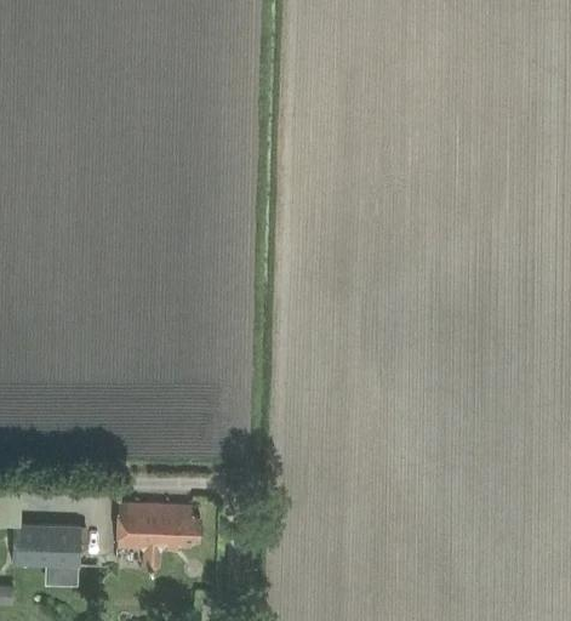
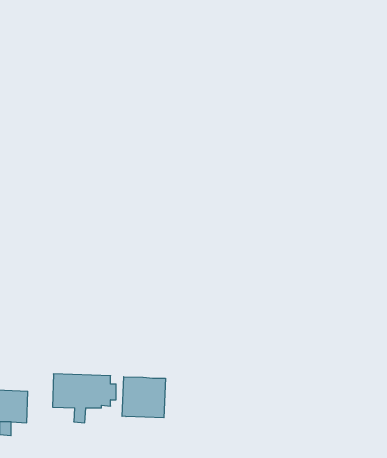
building: none -> [122,377,165,418]

